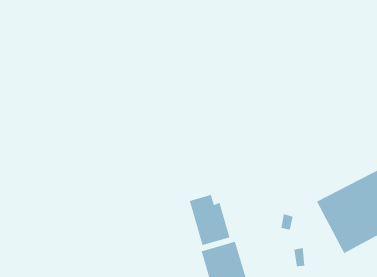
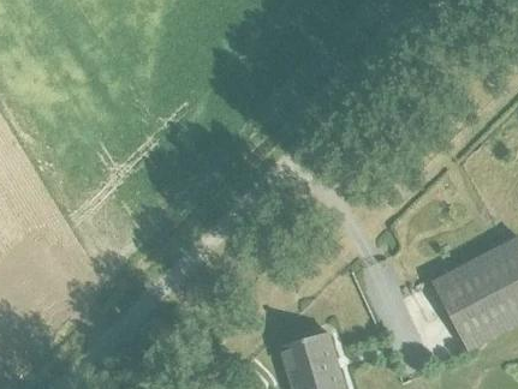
building: [189,194,230,246] -> none

